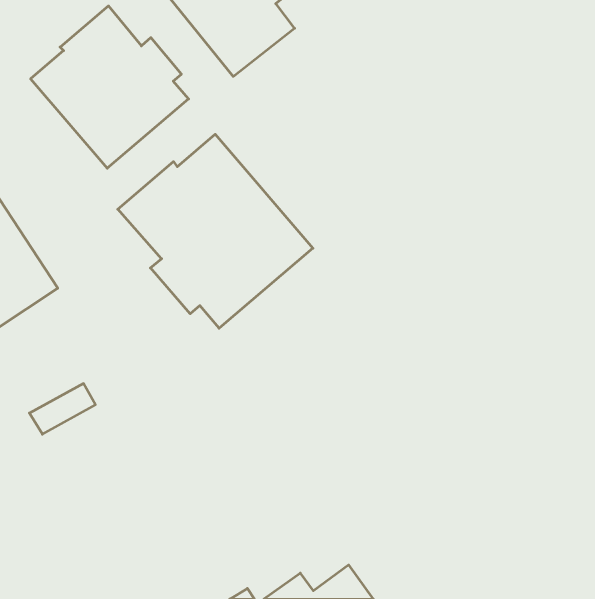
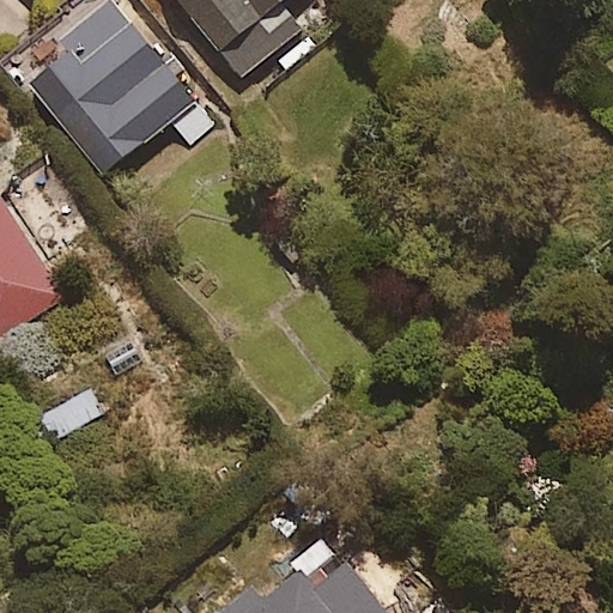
building: [118,134,313,328] -> none

